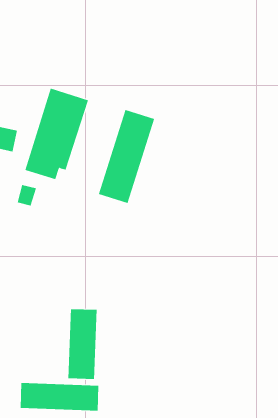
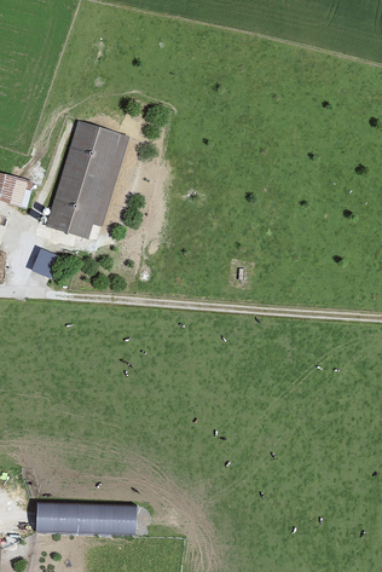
building: [98,109,155,204] -> none
building: [68,308,97,380] -> none

